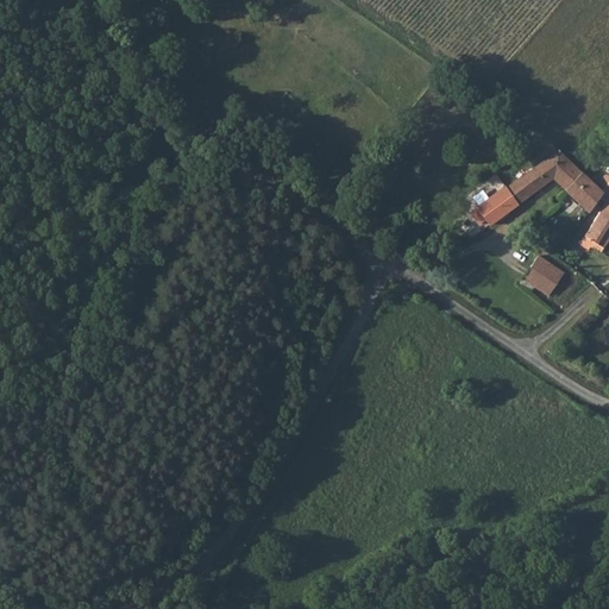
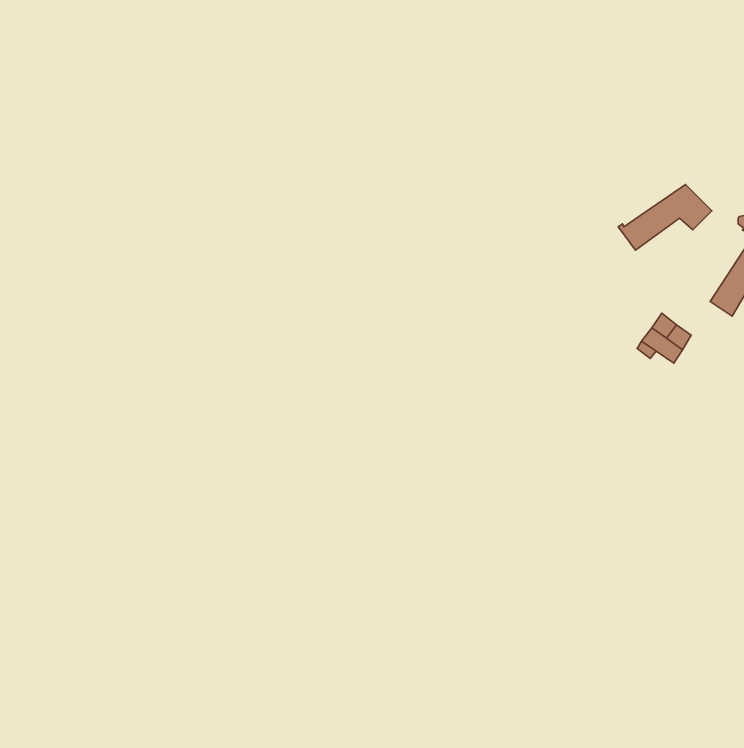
building: [566,171,603,211] -> none
building: [471,186,520,224] -> none

